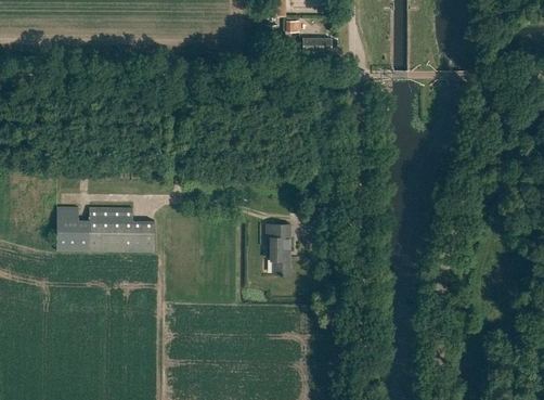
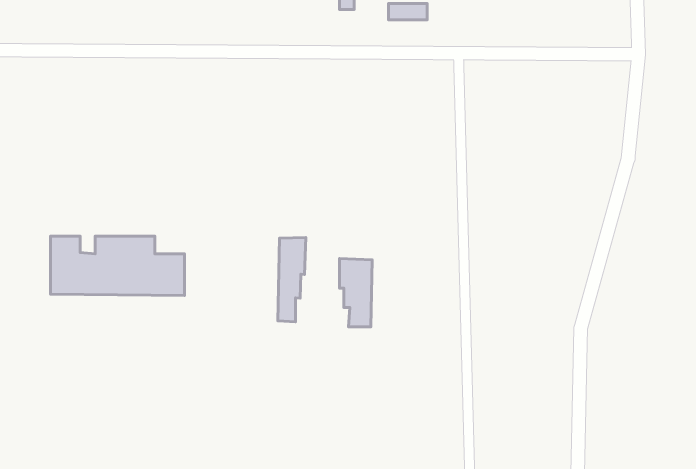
building: none -> [278,238,306,322]

